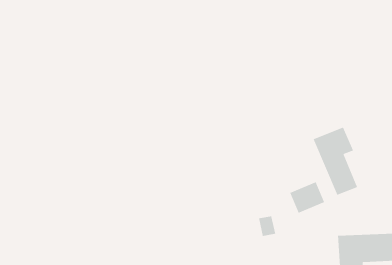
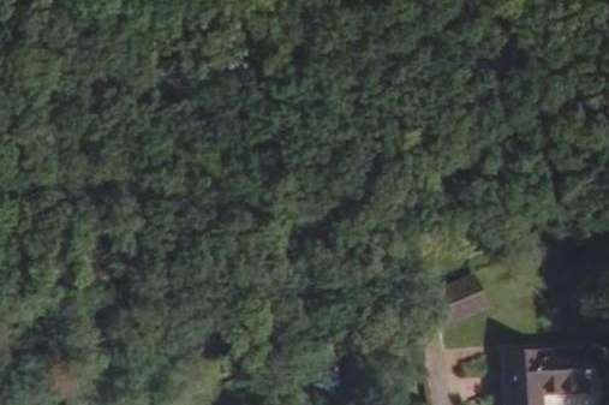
building: [312,126,358,196] -> none

